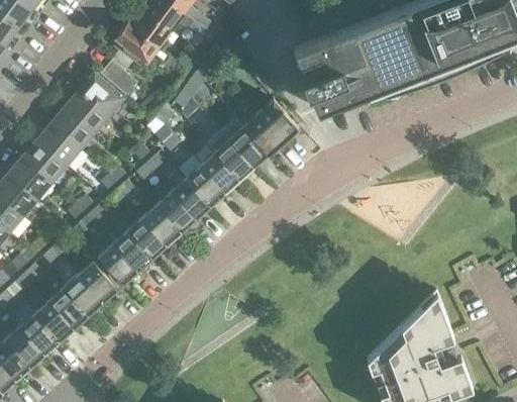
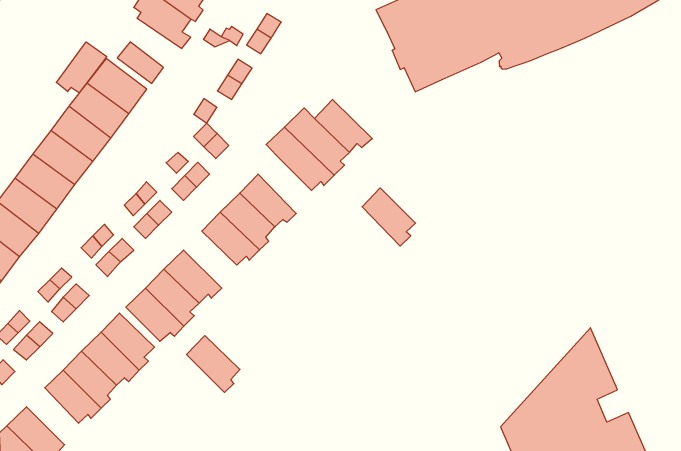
building: none -> [56,42,107,93]
building: [257,100,297,143] -> none
building: [200,152,238,195] -> [362,188,416,246]
building: [142,204,181,246] -> [187,336,240,392]
building: [21,312,59,355] -> none

